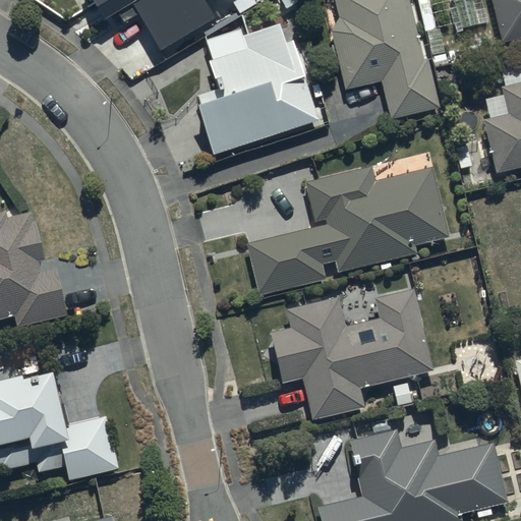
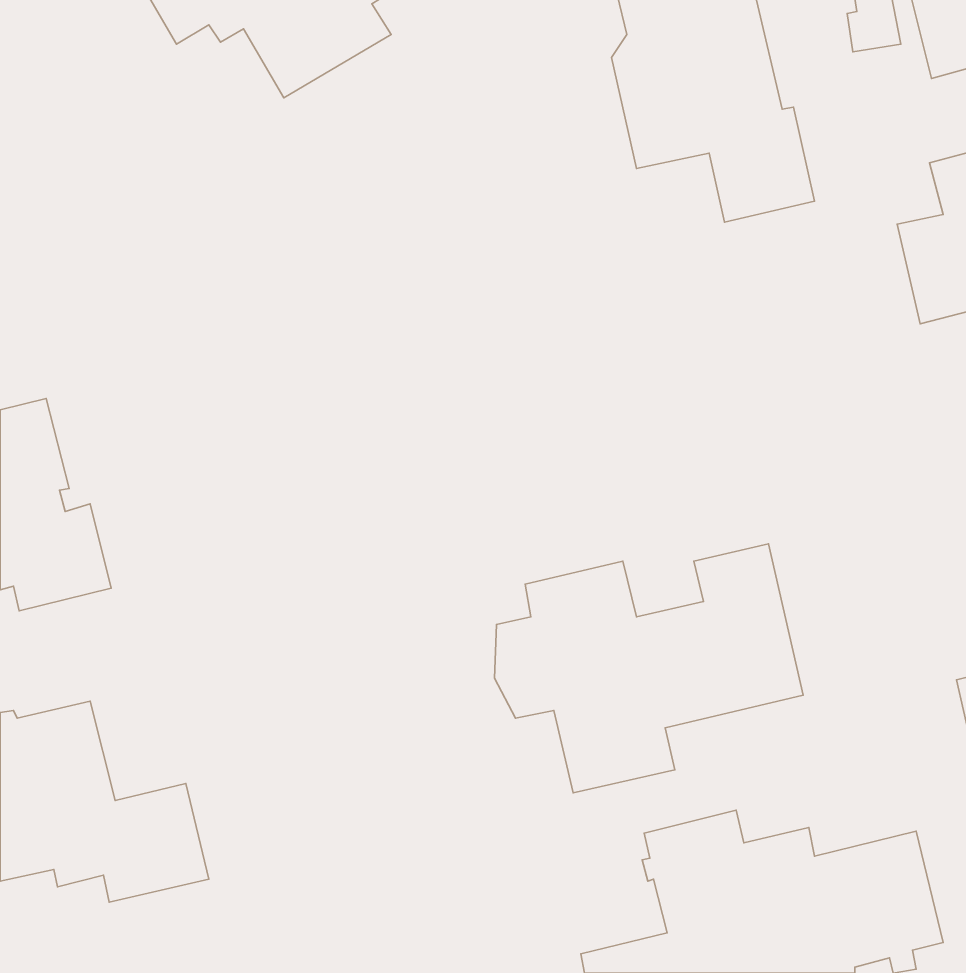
building: [194,24,317,155] -> none
building: [245,166,449,297] -> none

